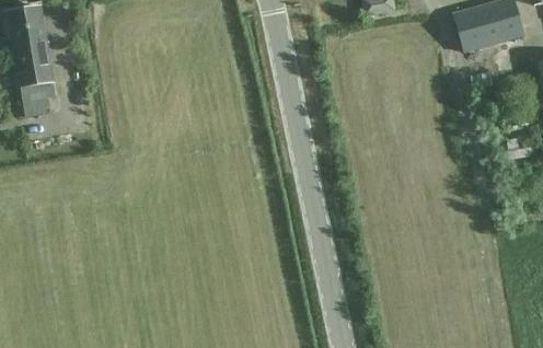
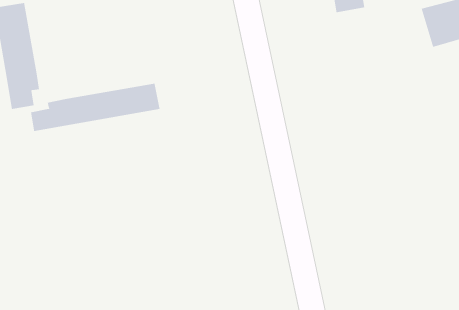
building: none -> [31,83,160,132]

